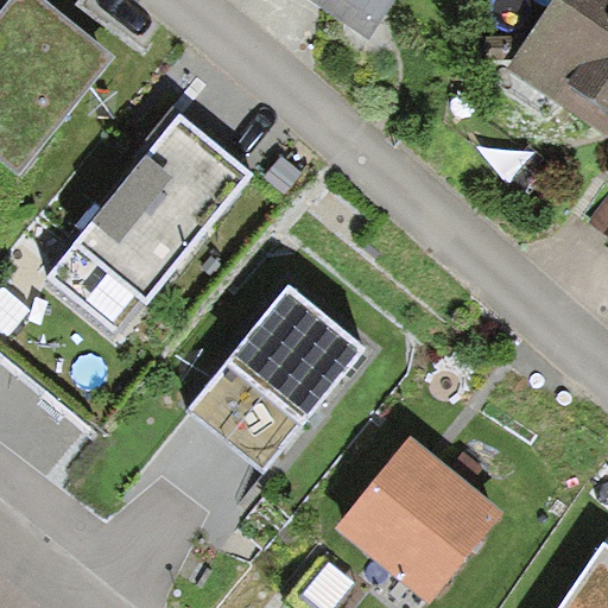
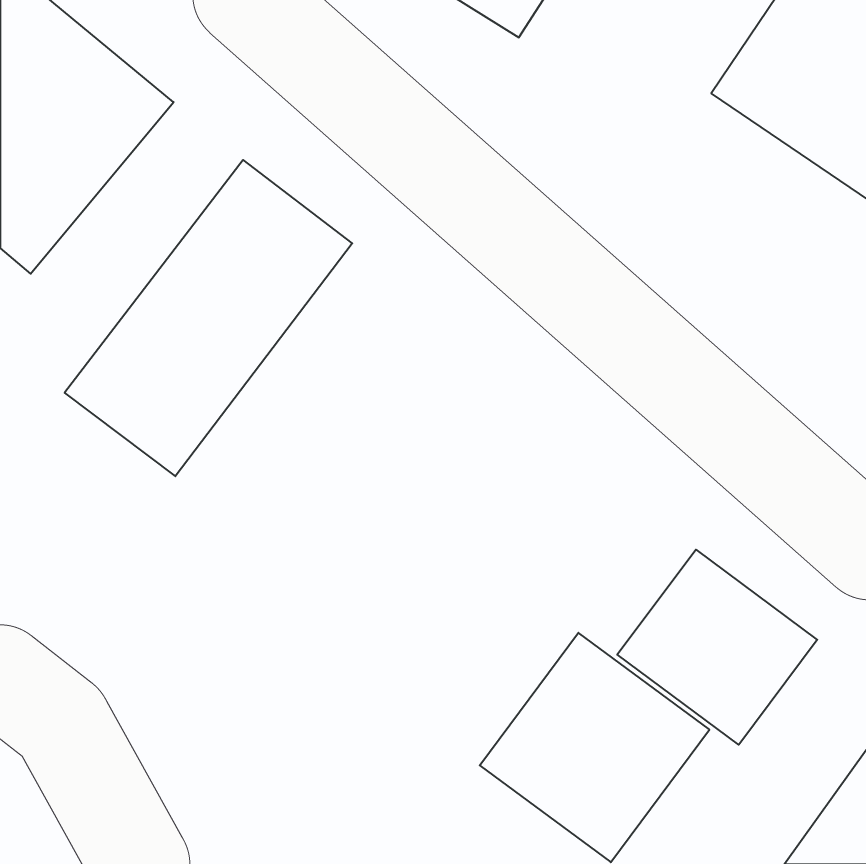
building: [182,264,385,479] -> none
building: none -> [617,550,817,745]

